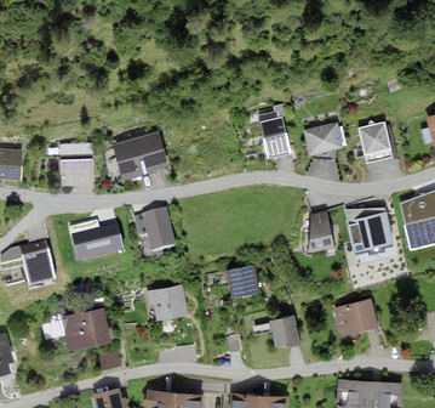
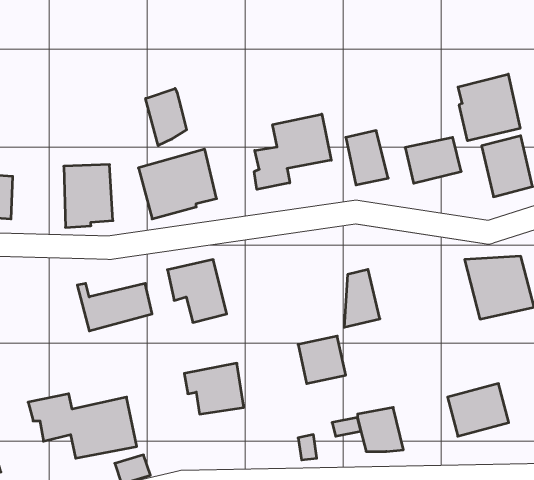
building: none -> [458,74,520,141]
building: none -> [146,88,187,146]
building: none -> [254,114,331,189]
building: [309,211,334,253] -> [344,269,380,327]
building: [19,243,57,291] -> none

